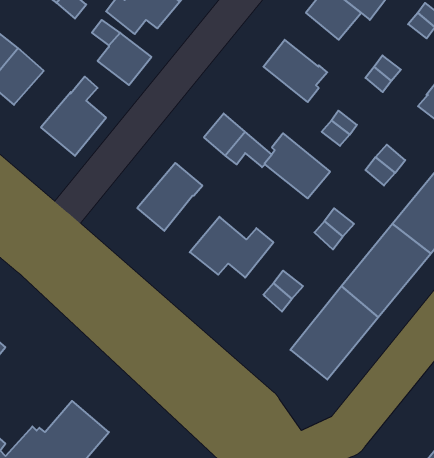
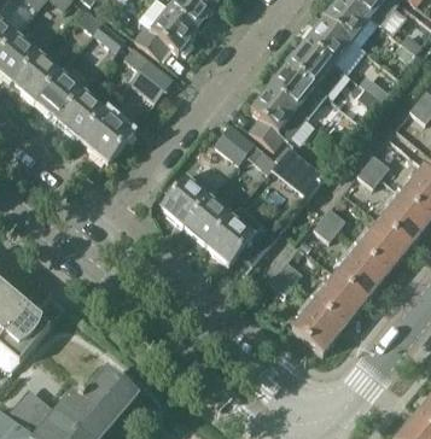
building: none -> [286,40,332,86]
building: none -> [247,86,305,148]
building: none -> [56,89,104,137]
building: none -> [184,195,231,244]

